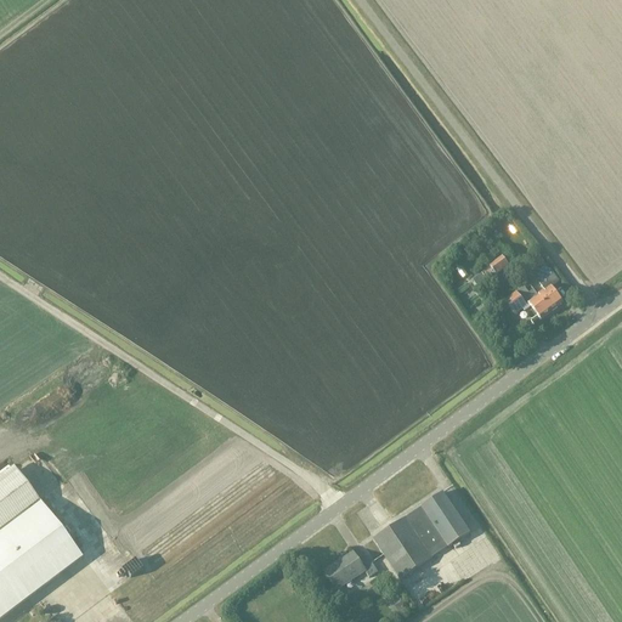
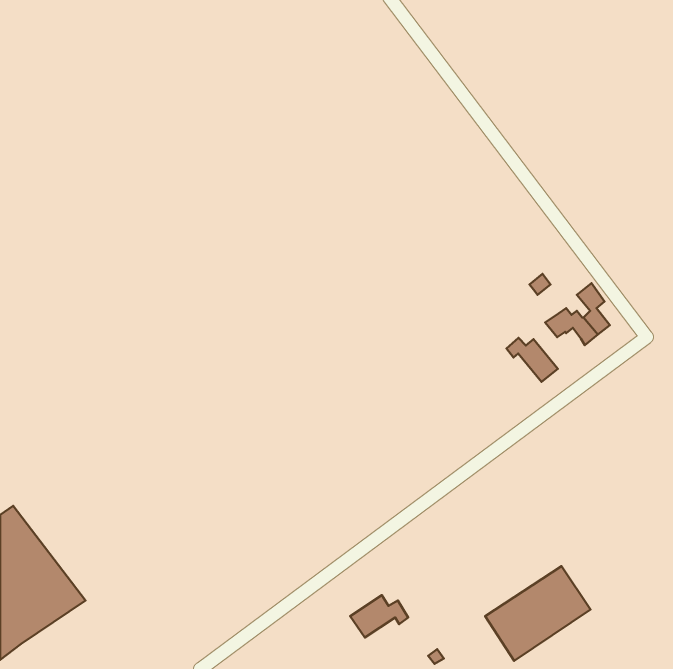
building: none -> [507,338,558,382]
building: [372,490,469,577] -> [485,566,591,661]

